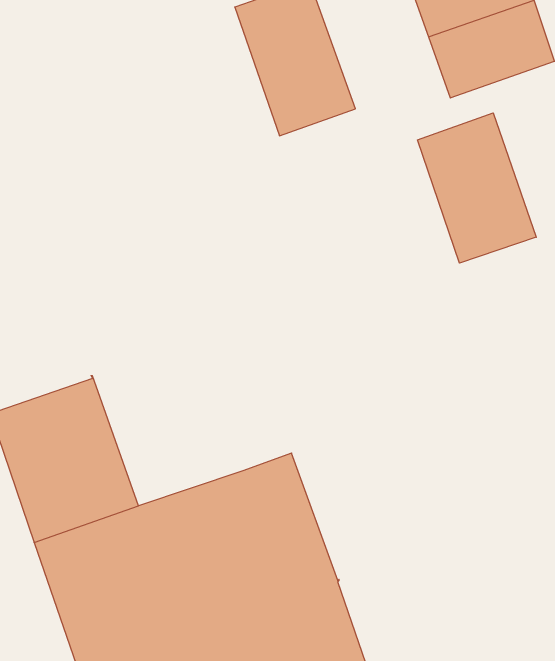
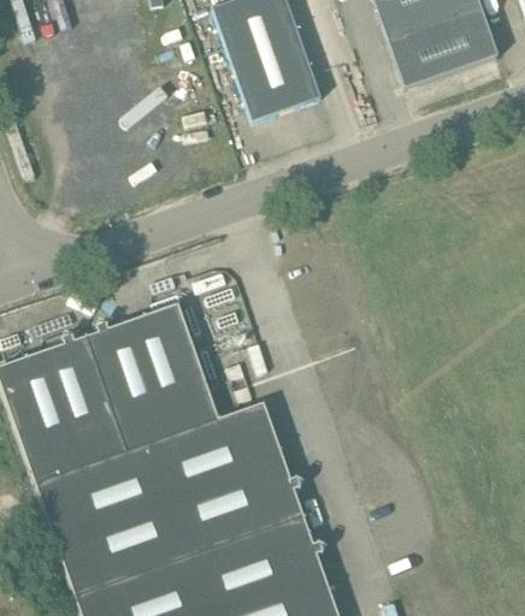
building: [418,113,536,263] -> none
building: none -> [87,306,220,451]

